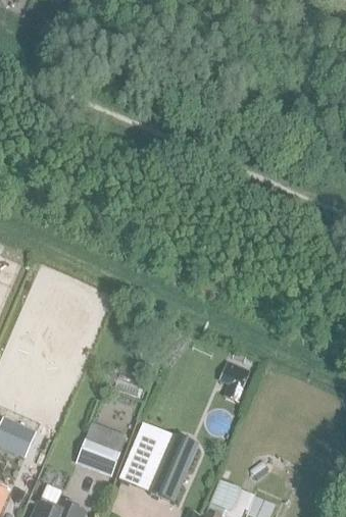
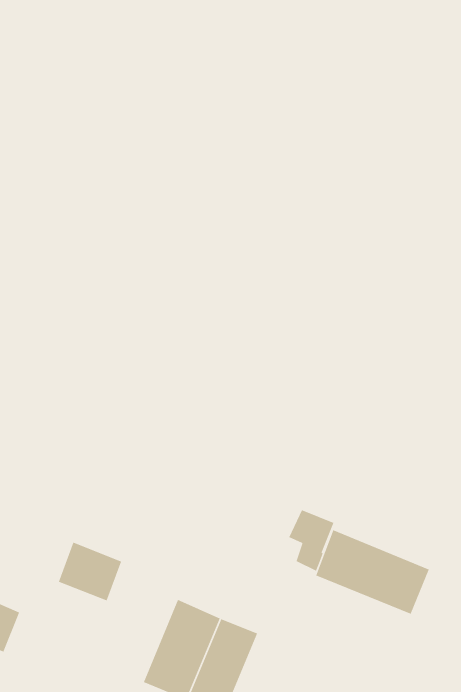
building: none -> [315,529,430,615]
building: [77,434,120,475] -> [58,542,122,601]

